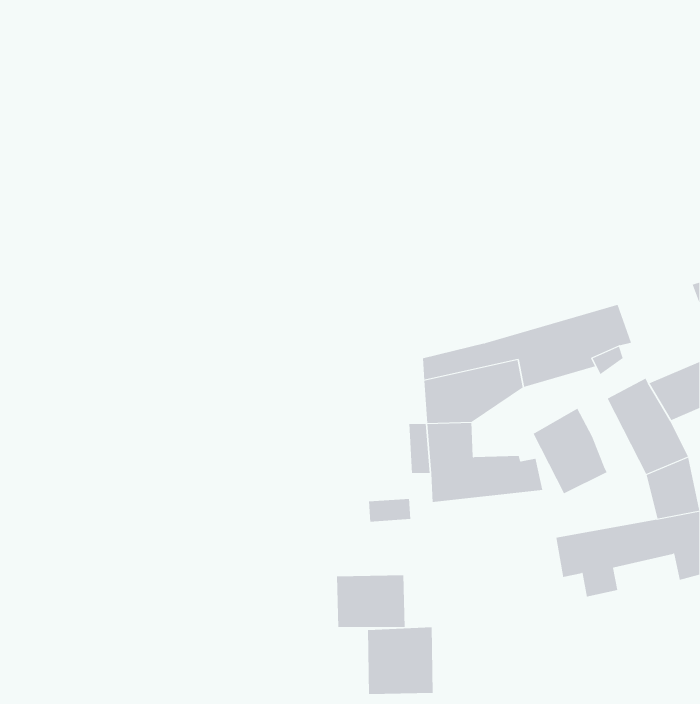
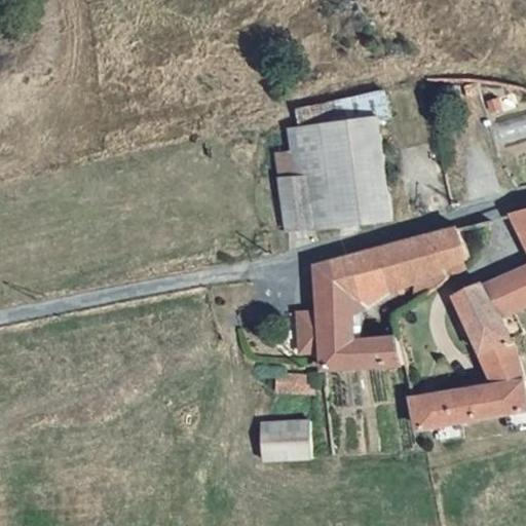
building: none -> [277,99,394,225]
building: [533,408,608,494] -> none
building: [367,626,433,695] -> none

